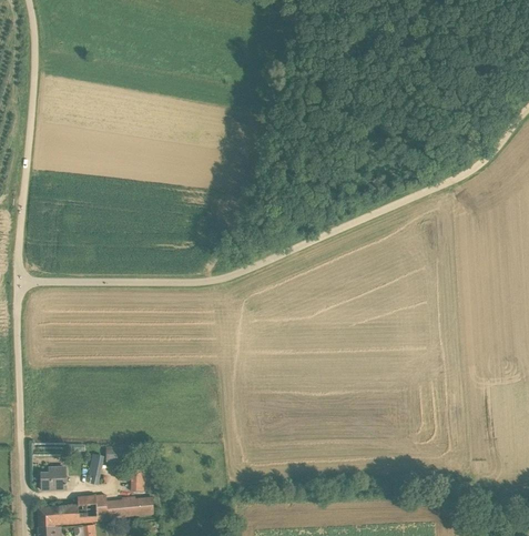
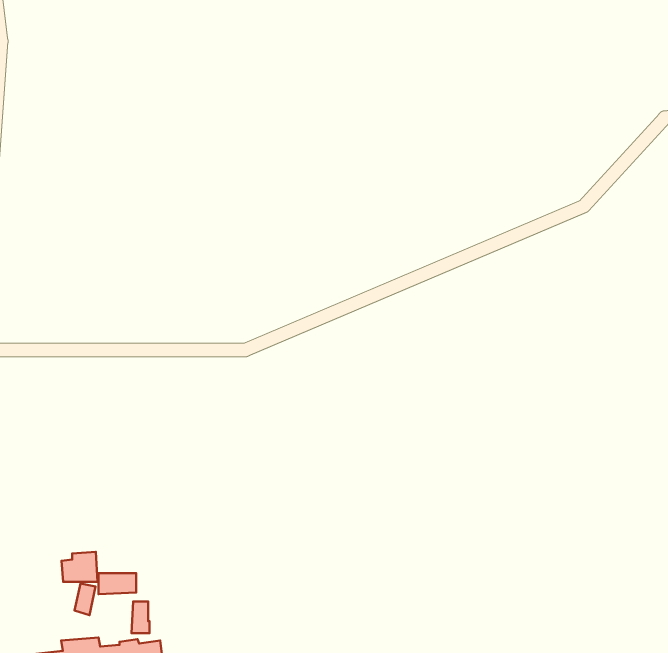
building: [40,467,67,489] -> [62,552,97,582]

